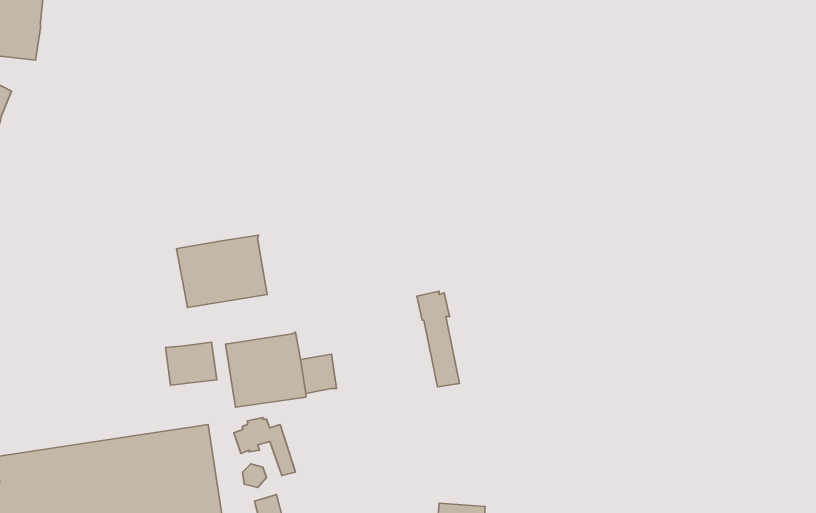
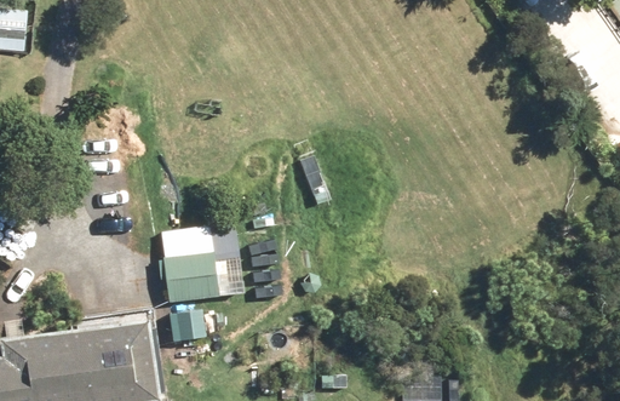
building: [177,235,267,308] -> none

